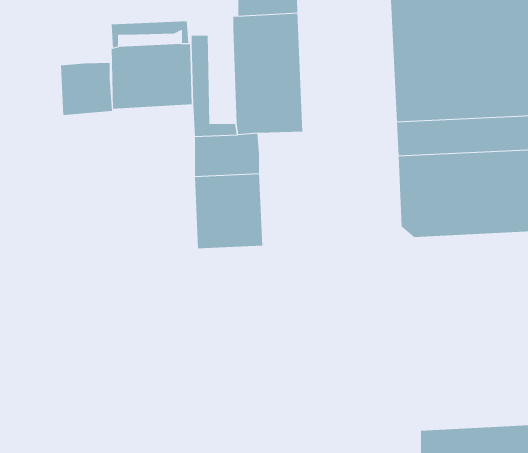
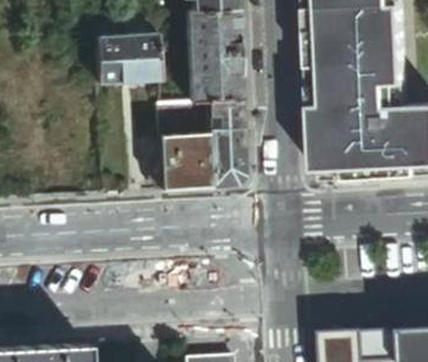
building: [60,62,112,116] -> none
building: none -> [210,100,247,186]

